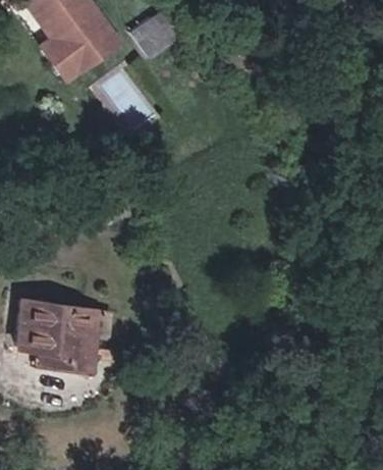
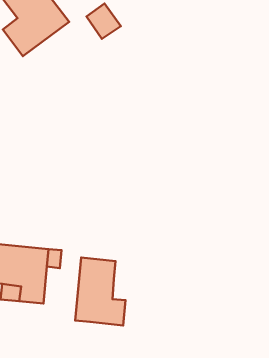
building: none -> [75,257,125,325]

